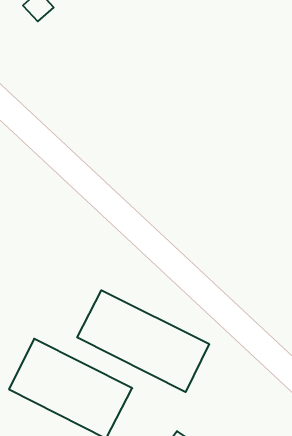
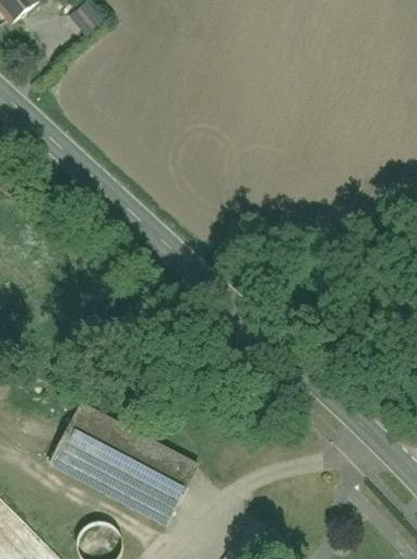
building: [77,290,209,392] -> none

